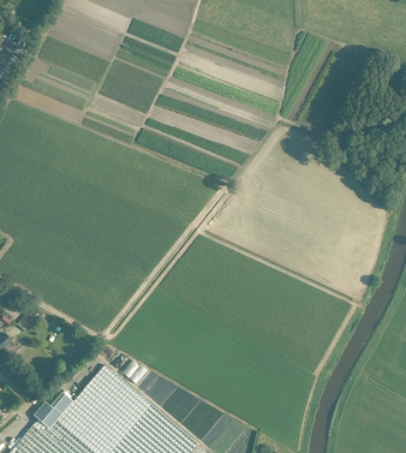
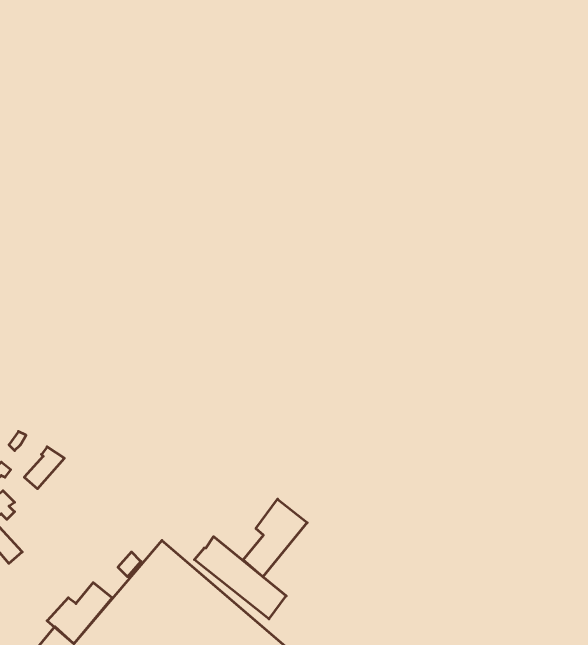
building: none -> [243,499,307,577]

